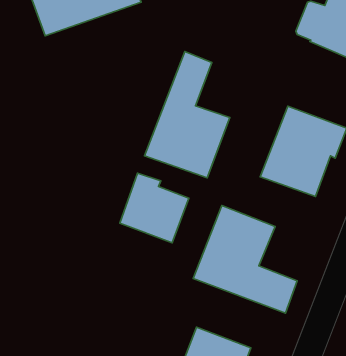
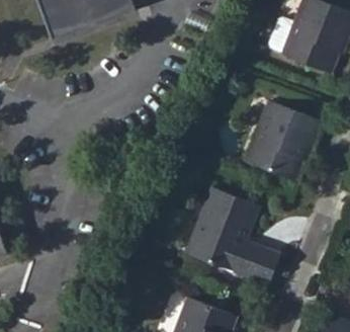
building: [145,51,230,178] -> none
building: [120,173,189,243] -> none

